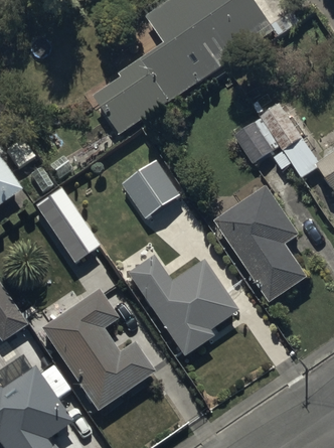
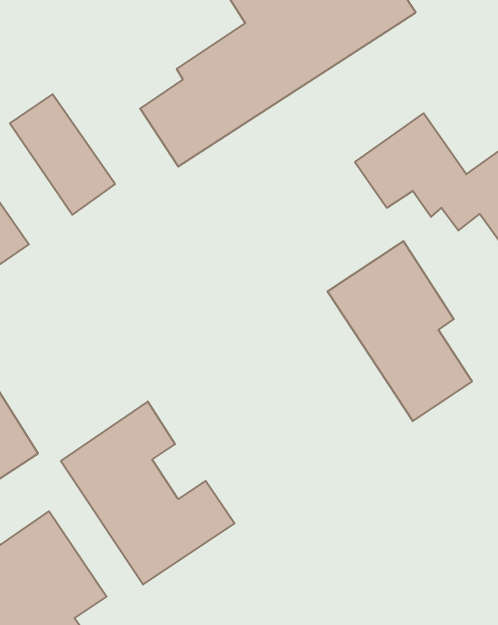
building: [123,157,182,216] -> none
building: [30,186,100,266] -> [10,94,115,215]
building: [126,256,236,360] -> none

